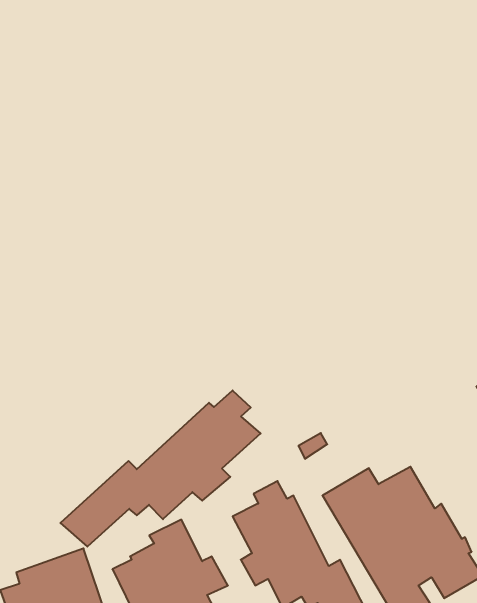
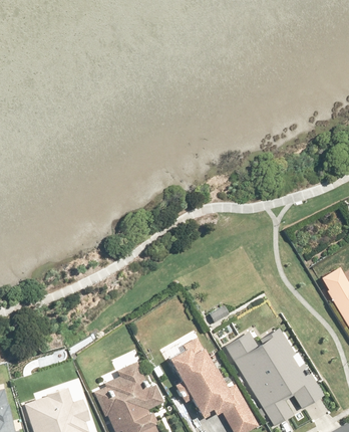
building: [60,390,261,547] -> none

